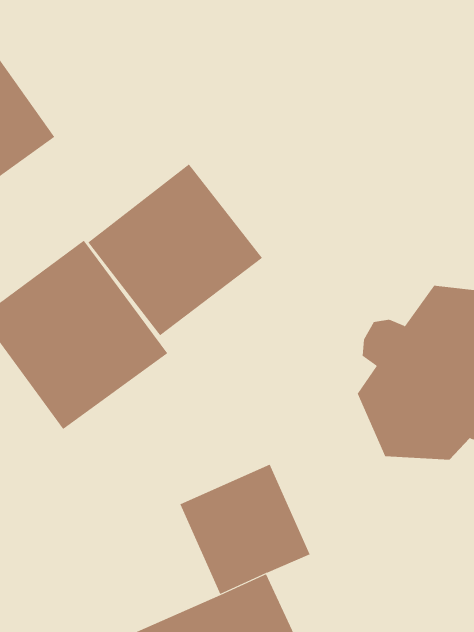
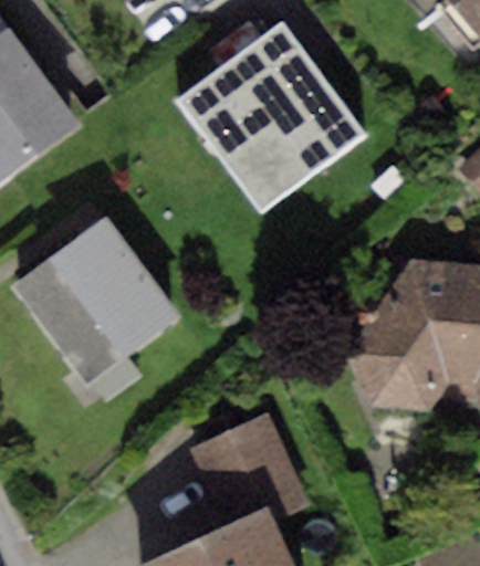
building: none -> [180,25,366,212]
building: [88,164,263,336] -> none

